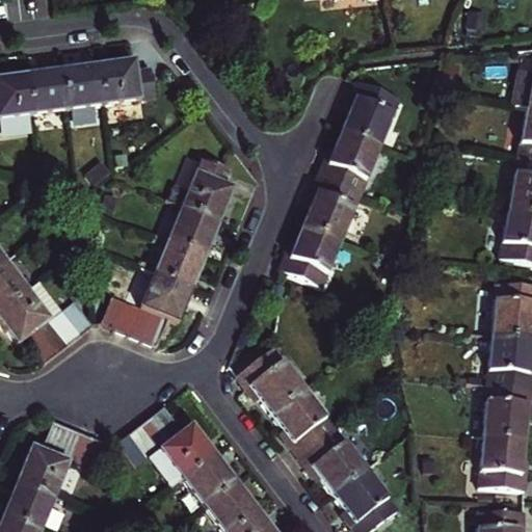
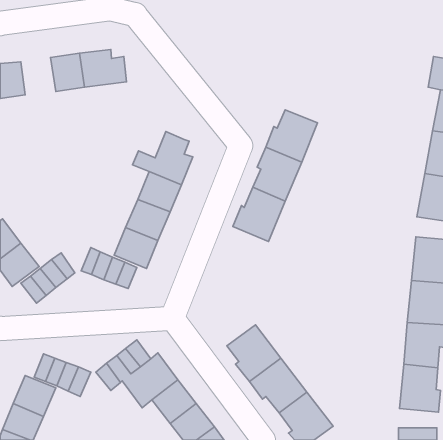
building: [28,69,70,113] -> none
building: [343,81,401,147] -> none
building: [238,346,308,413] -> none

